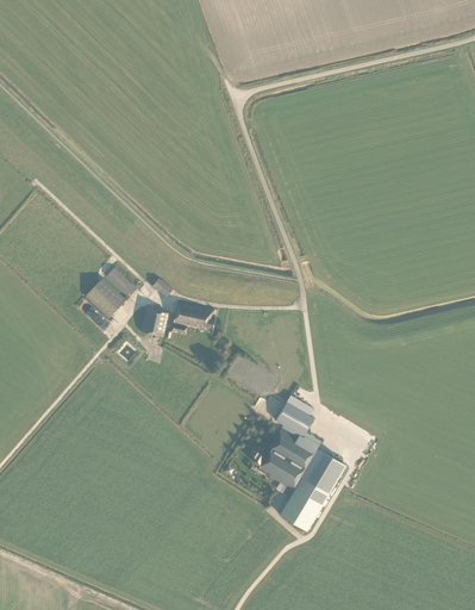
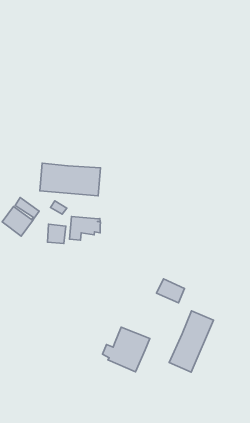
building: none -> [40,163,100,196]
building: [252,427,318,488] -> [102,327,150,372]

